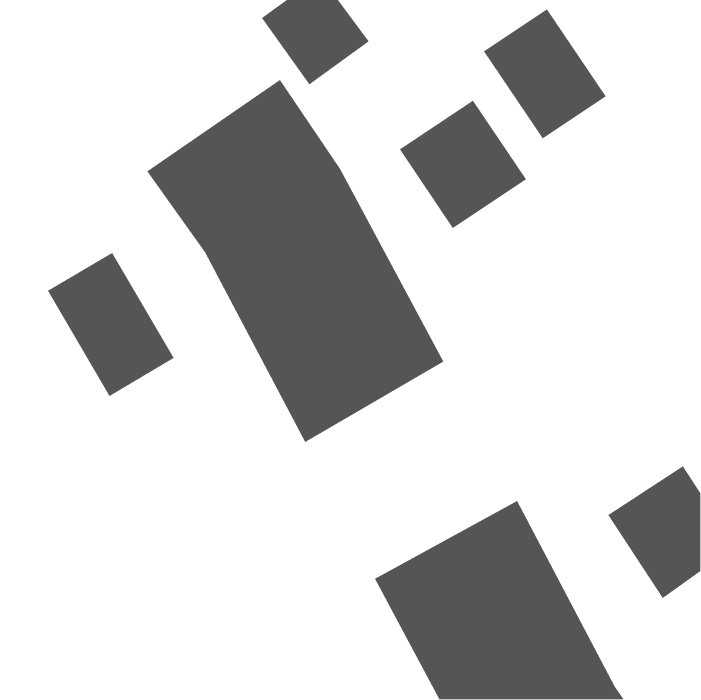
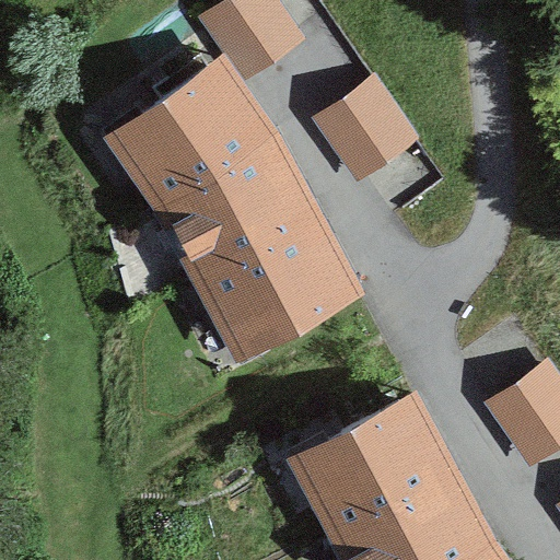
building: [483,8,607,140] -> none
building: [47,252,175,397] -> none

